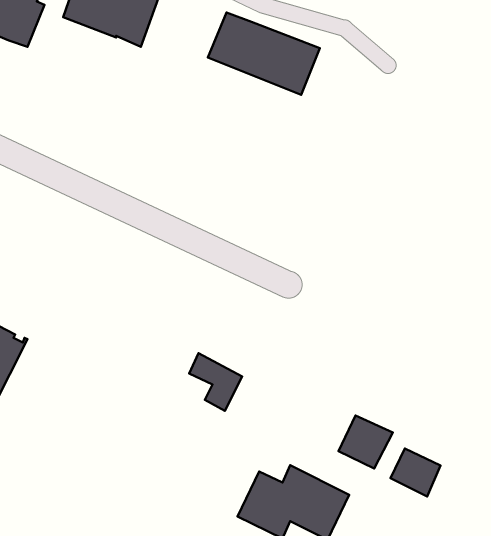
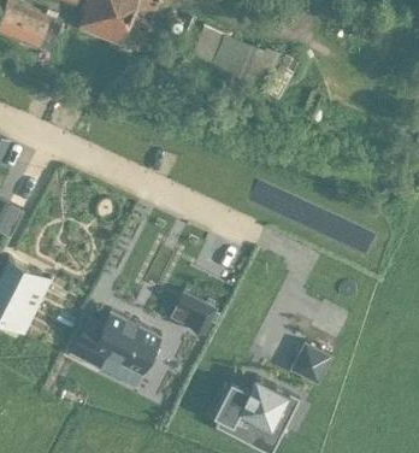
building: none -> [67,312,160,377]
building: [391,448,440,496] -> none

